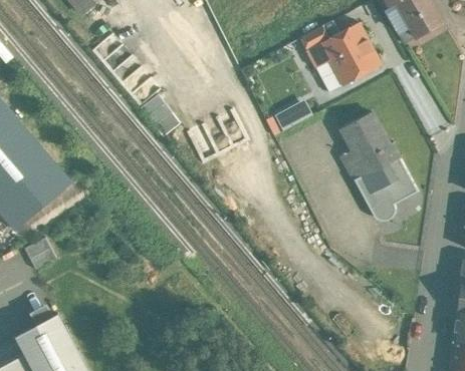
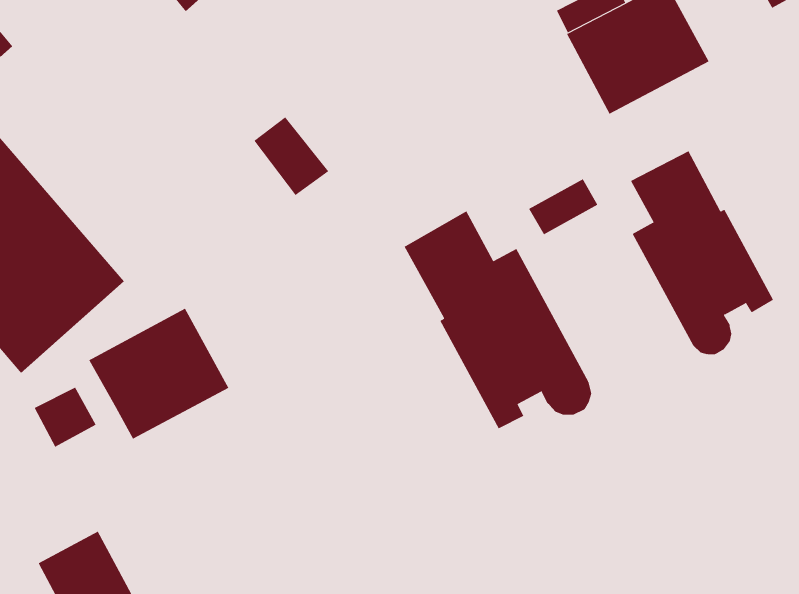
building: [274,97,311,127] -> [528,178,598,235]
building: none -> [404,211,592,429]
building: none -> [88,308,229,440]

